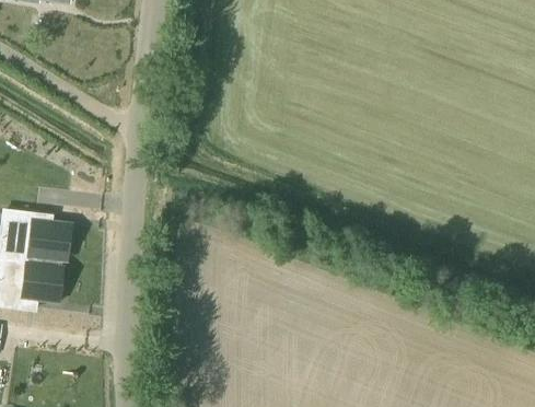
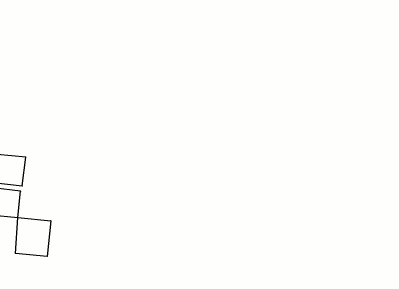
building: none -> [15,218,51,256]

